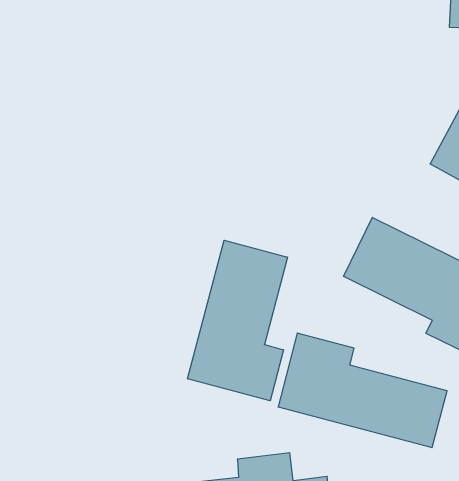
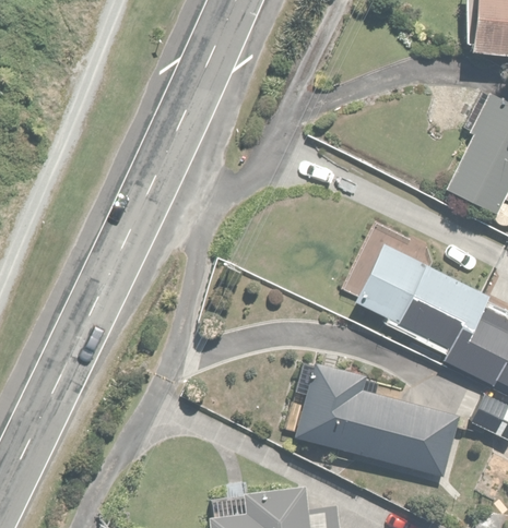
building: [188,240,288,401] -> none

